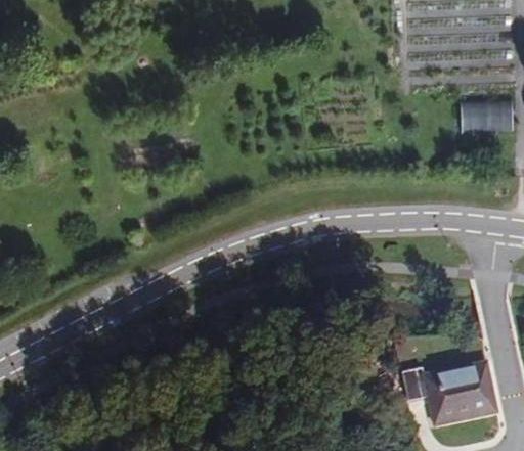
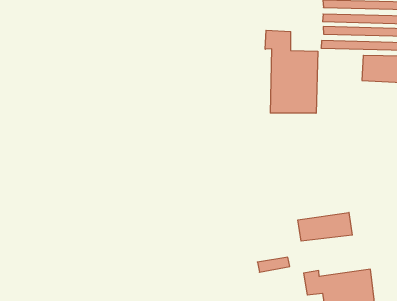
building: none -> [265,30,318,113]
building: none -> [298,212,352,241]

